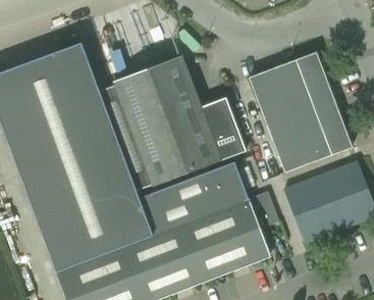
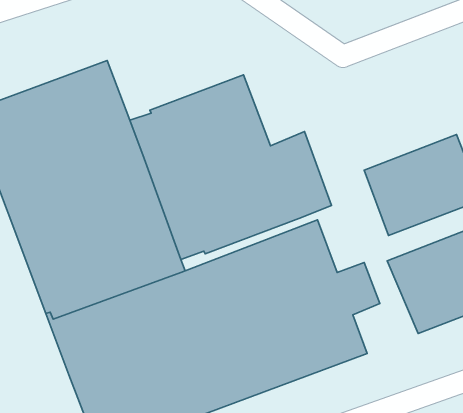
building: [251,52,334,124] -> none

